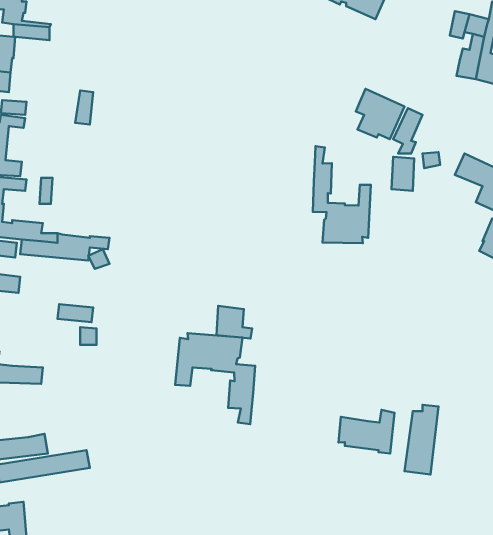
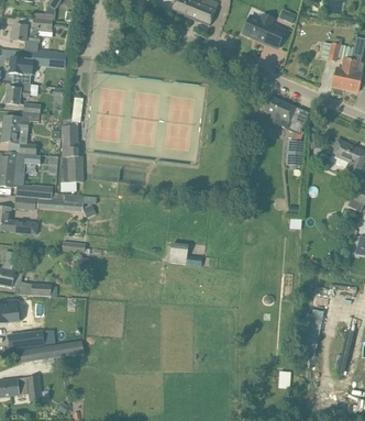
building: none -> [60,125,82,191]
building: [313,146,371,243] -> none
building: [175,333,255,424] -> none
building: [338,410,394,453] -> none

